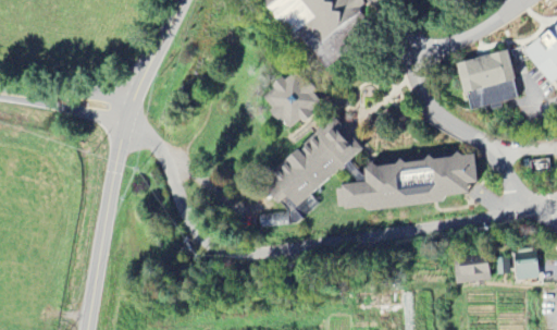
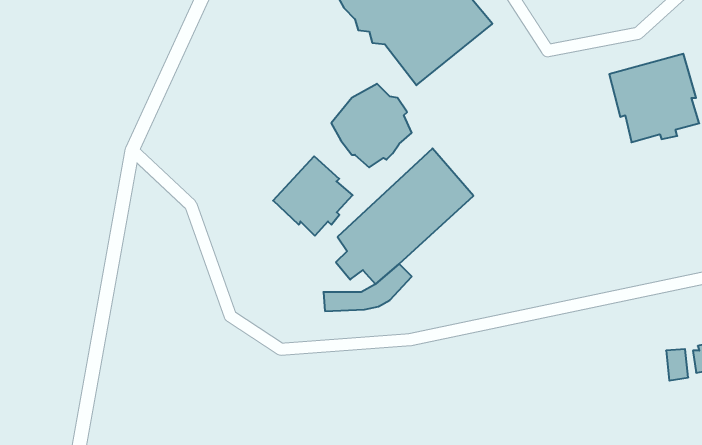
building: none -> [273,156,353,236]
building: [335,149,478,212] -> none
building: [451,253,491,283] -> none

